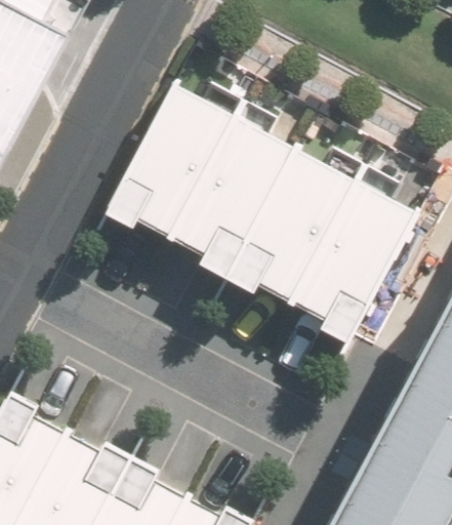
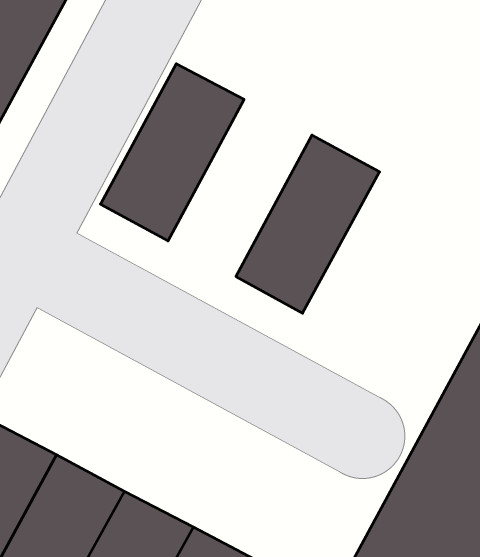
building: [167,114,295,272] -> none
building: [287,178,416,336] -> none

